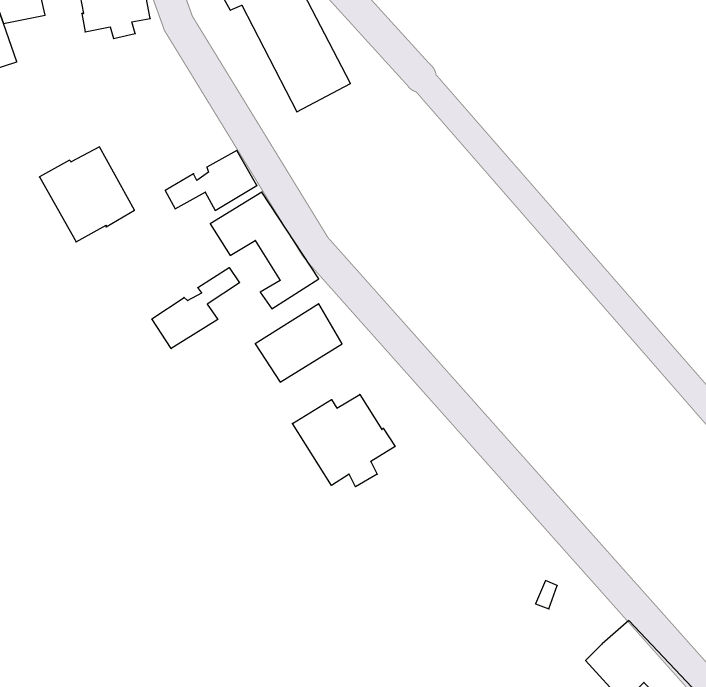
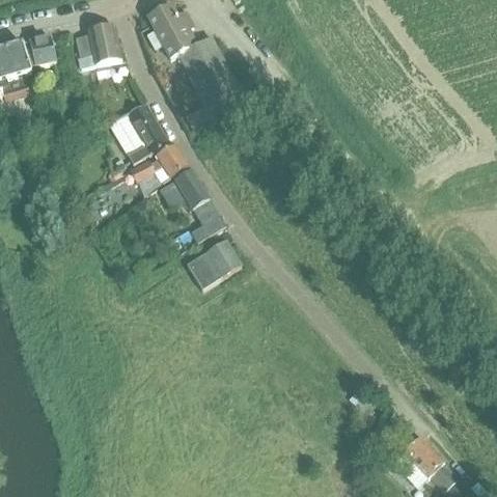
building: [39,147,134,242] -> [108,102,167,161]
building: [152,268,240,349] -> none
building: [292,394,395,487] -> none

